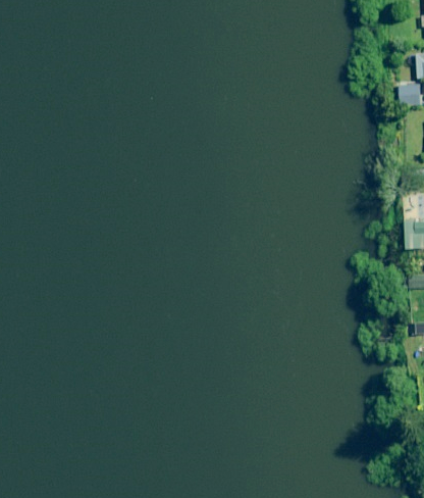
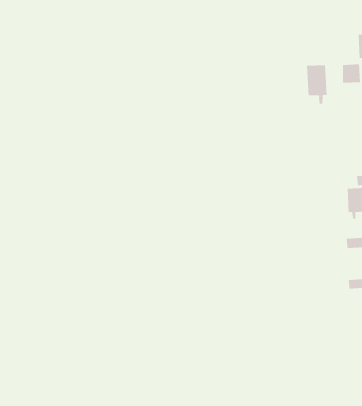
building: none -> [306,65,327,105]

